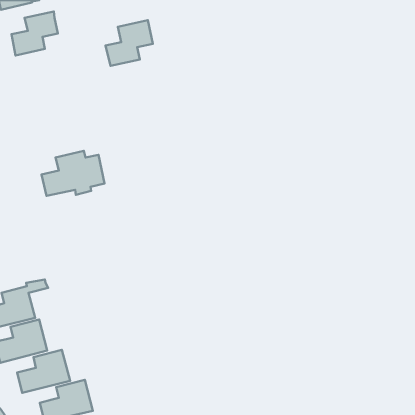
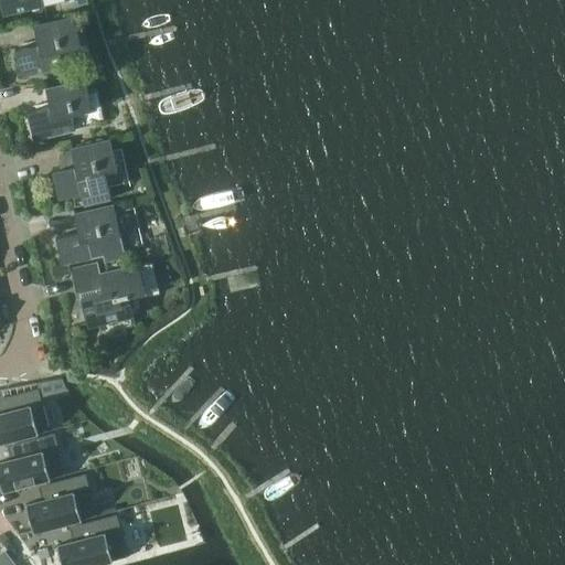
building: [106,20,153,66] -> [28,78,92,140]
building: none -> [51,138,118,206]
building: none -> [71,263,156,326]

